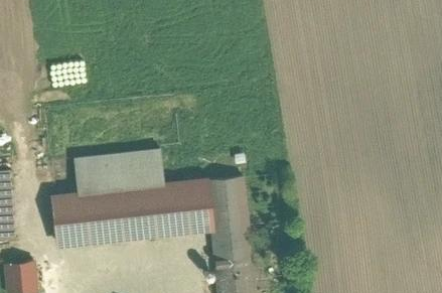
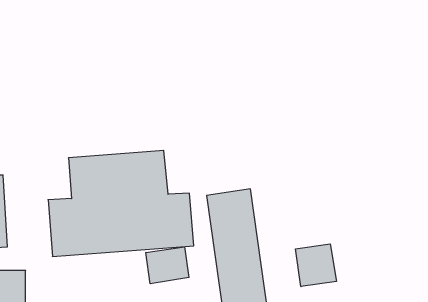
building: none -> [296,244,336,287]
building: none -> [146,247,189,284]

